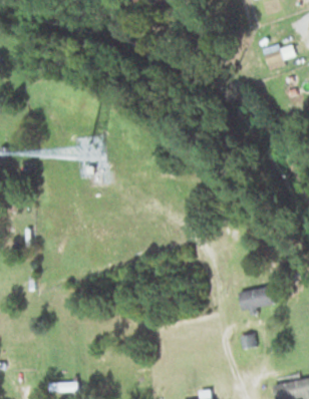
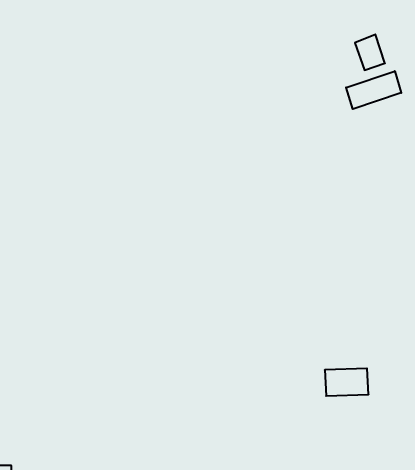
building: none -> [346,71,401,109]

